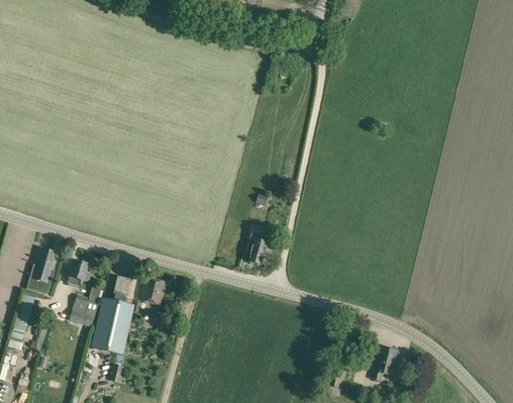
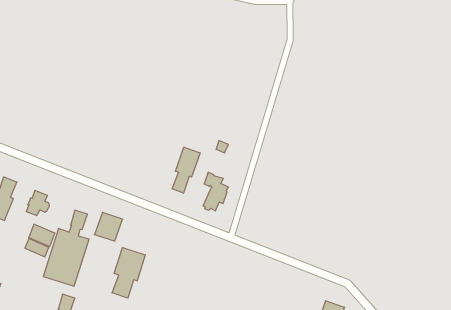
building: none -> [172,147,200,193]
building: none -> [112,247,145,298]

